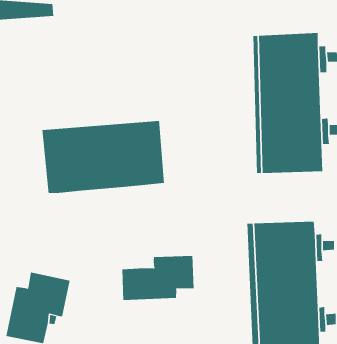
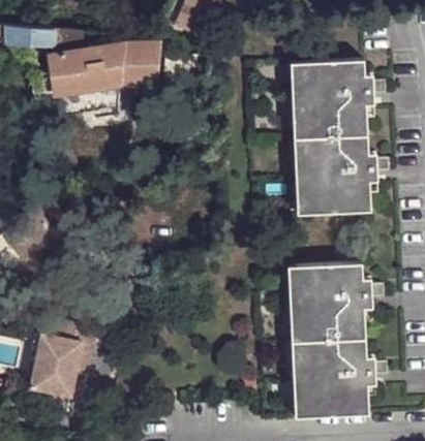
building: none -> [47,43,154,94]
building: [42,120,165,194] -> none
building: [122,255,194,301] -> none

